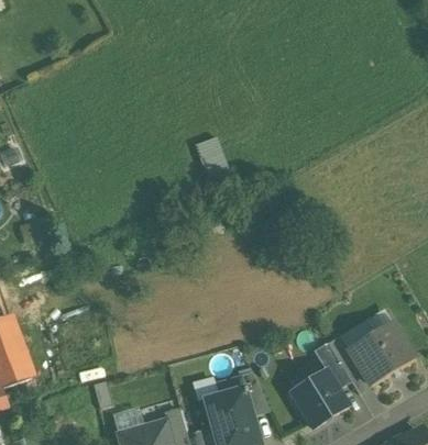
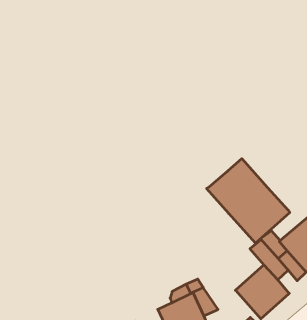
building: [197,135,228,173] -> none
building: none -> [207,159,290,243]

